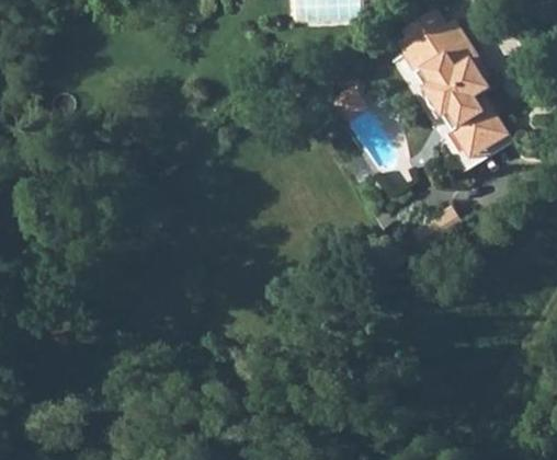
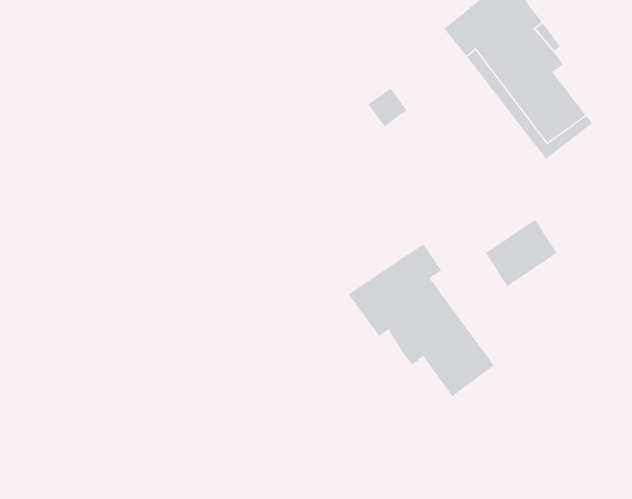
building: none -> [348,243,495,397]

